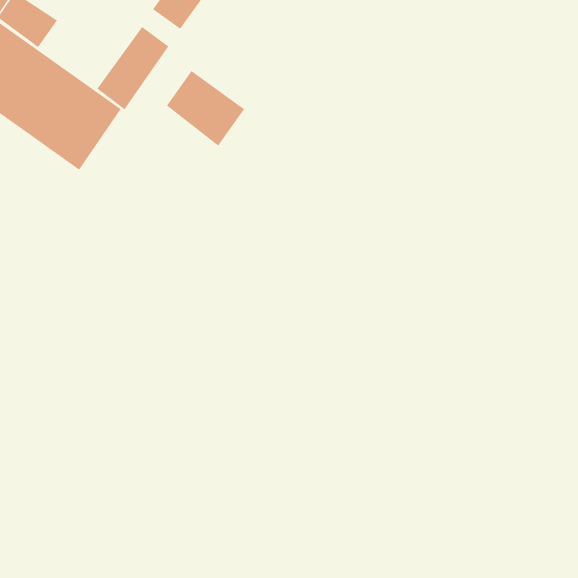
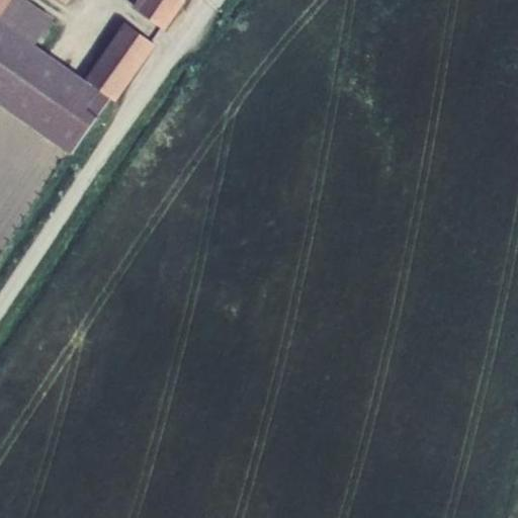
building: [166,70,245,146] -> none

